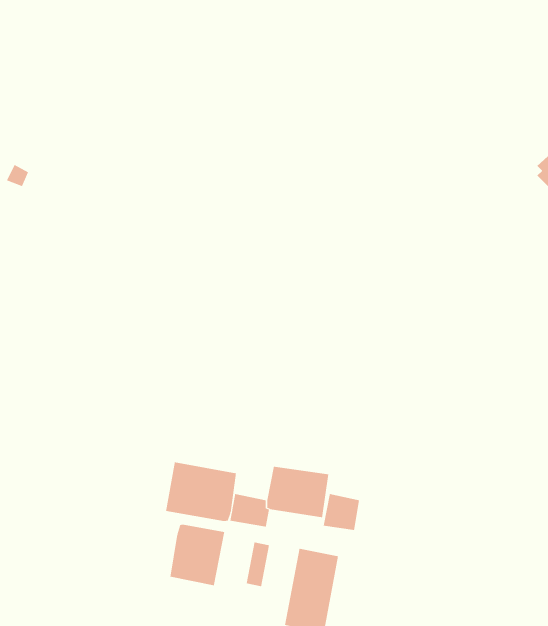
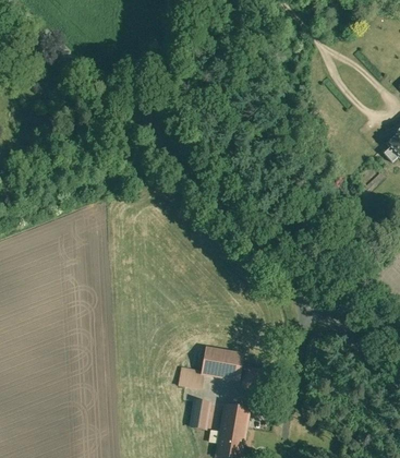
building: [166,462,237,522] -> none
building: [170,524,225,586] -> none

